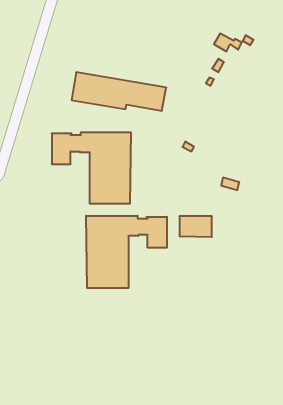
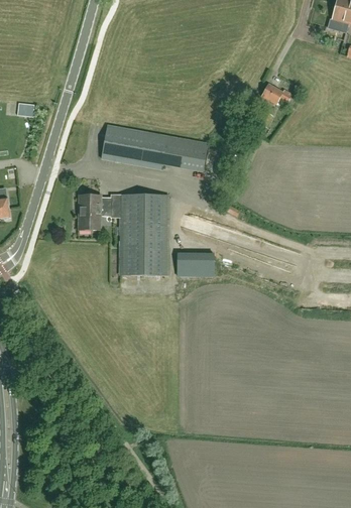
building: [86,216,167,288] -> none
building: [179,216,212,237] -> [178,251,214,274]

